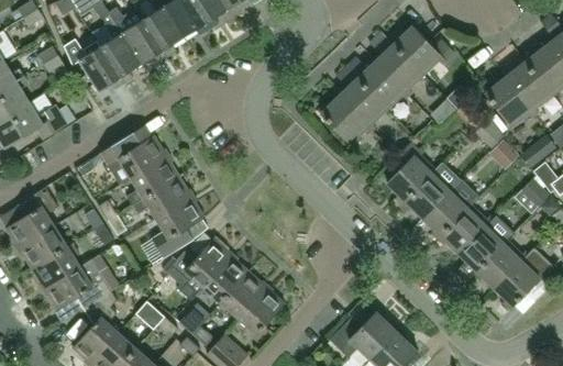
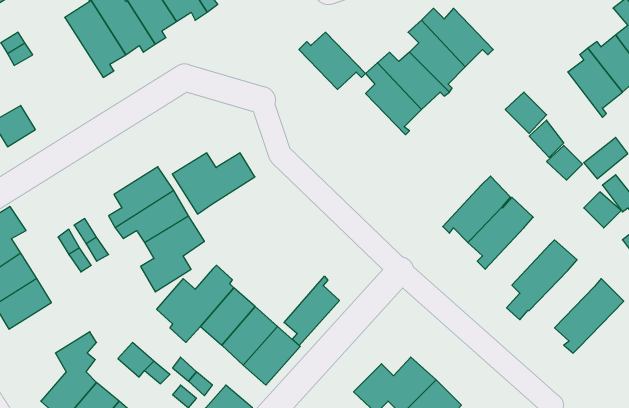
building: [64,37,123,91] -> none
building: [483,78,536,127] -> none
building: [318,96,373,143] -> [299,32,366,89]
building: [100,136,168,187] -> [172,153,255,214]
building: [388,144,435,206] -> none
building: [439,207,493,254] -> none
building: [475,242,529,289] -> none
building: none -> [284,276,339,345]
building: [45,260,112,310] -> none

